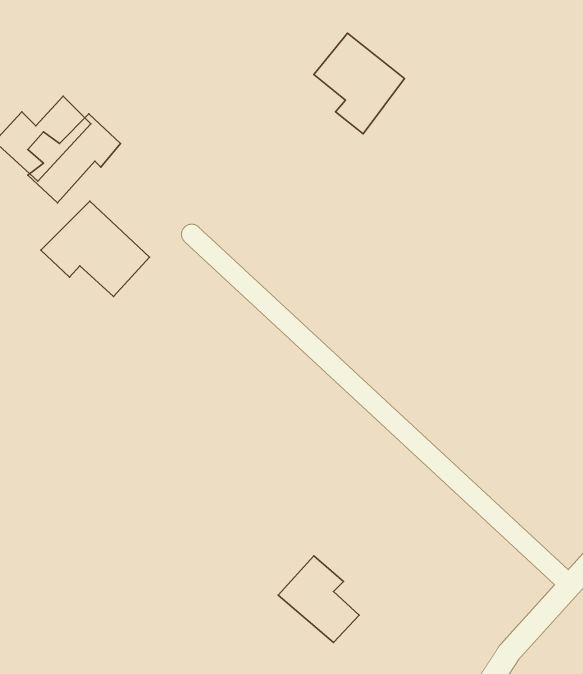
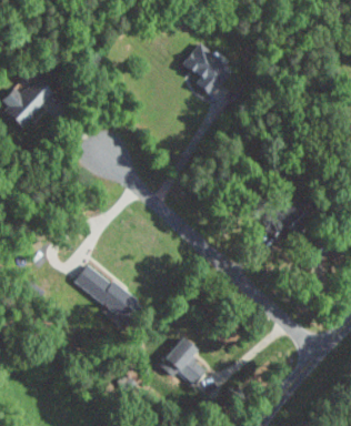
building: [41,201,149,297] -> none
building: none -> [73,263,142,324]

